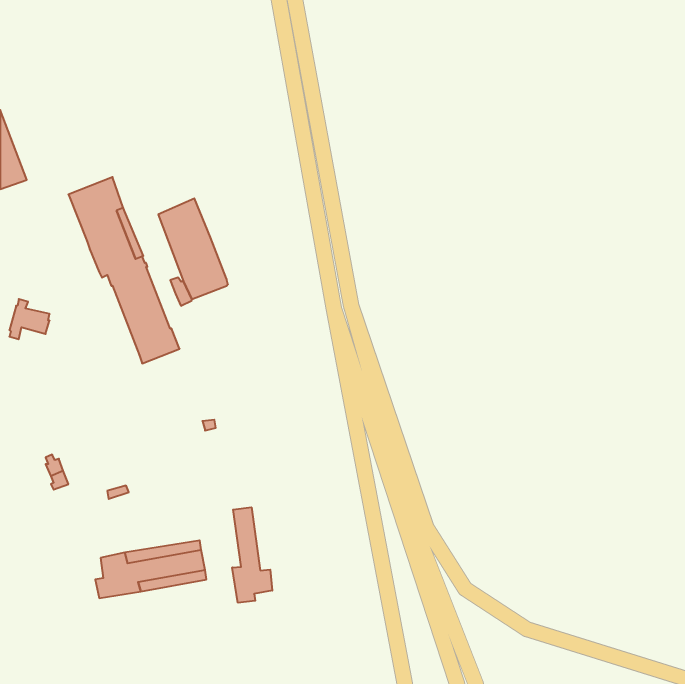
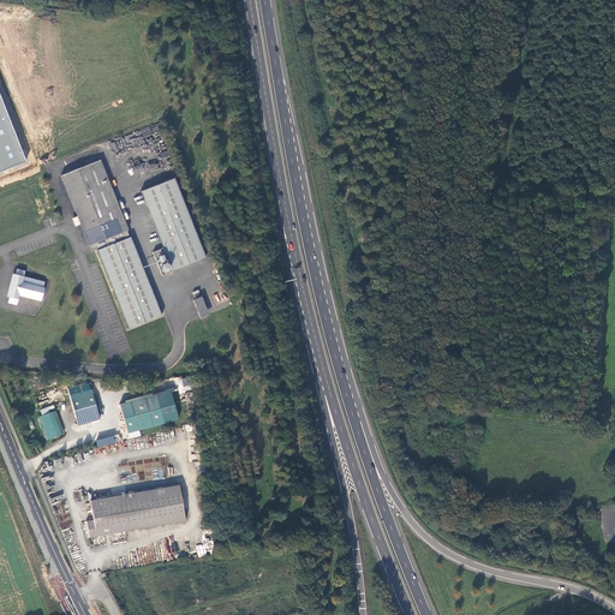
building: none -> [71,389,100,423]
building: none -> [120,393,165,432]
building: [232,507,272,603] -> none

